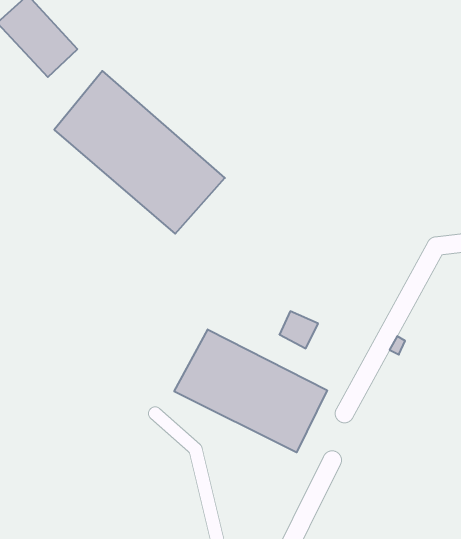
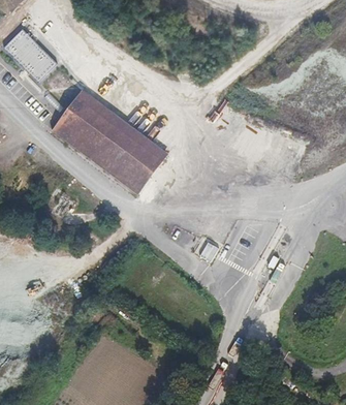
building: [174,329,327,452] -> none

